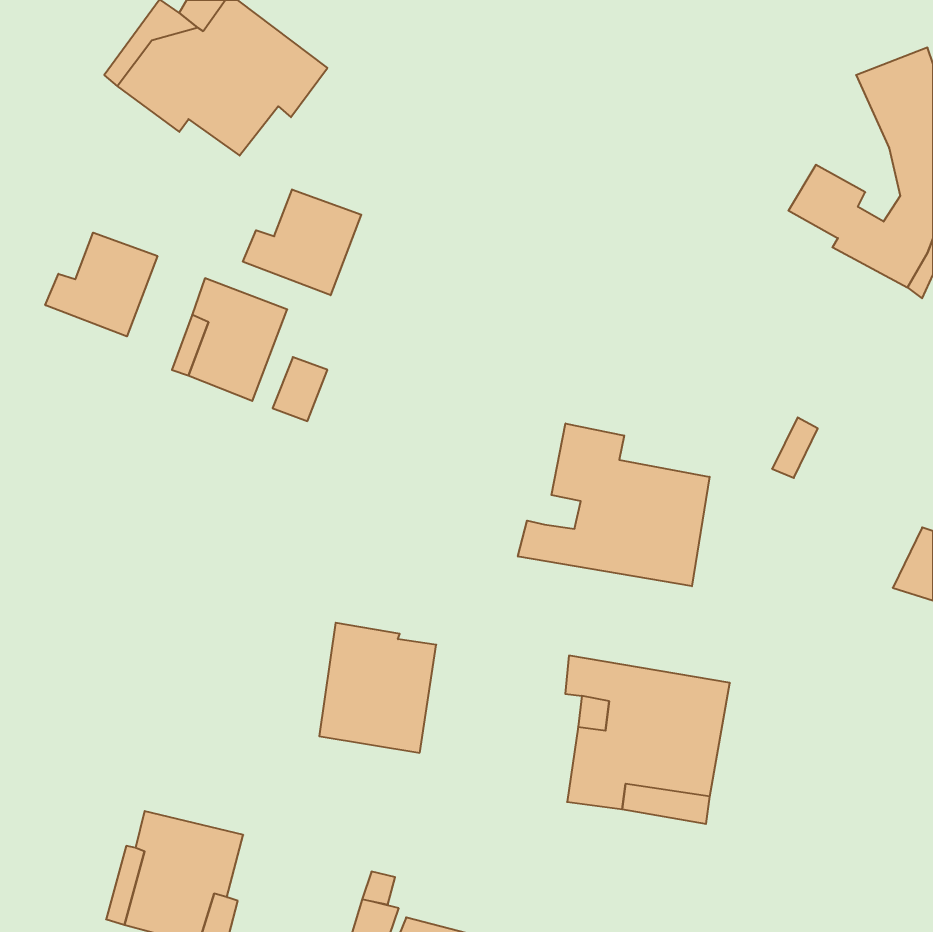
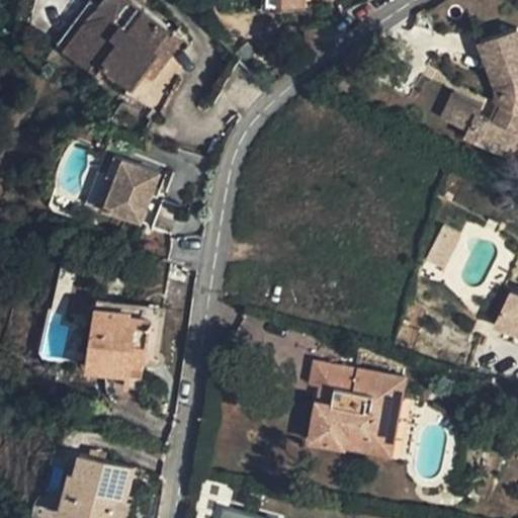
building: [243,189,361,295] -> none
building: [45,233,157,336] -> none
building: [518,423,710,586] -> none
building: [319,623,436,753] -> [86,307,151,378]

